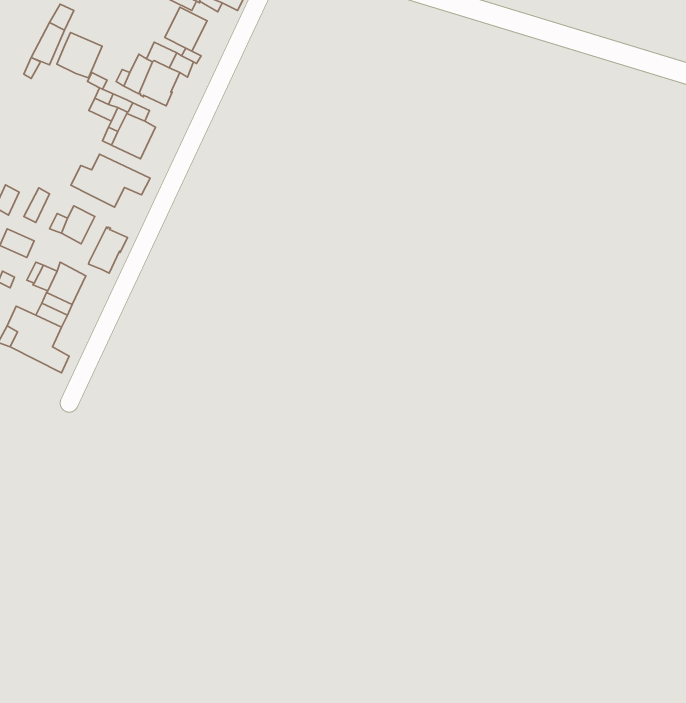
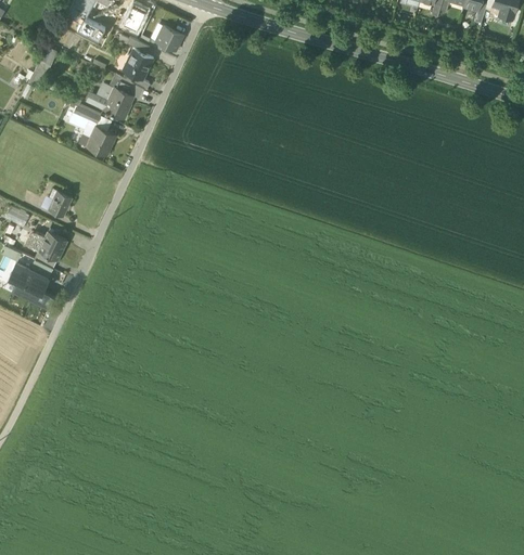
building: [57,33,102,78] -> none
building: [71,154,150,207] -> none
building: [89,227,128,273] -> none

